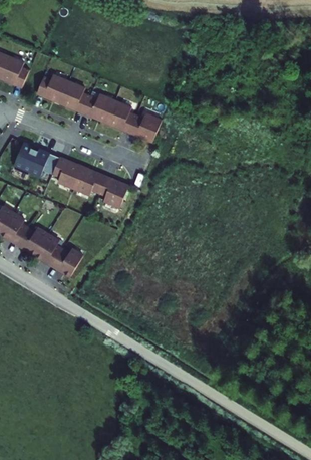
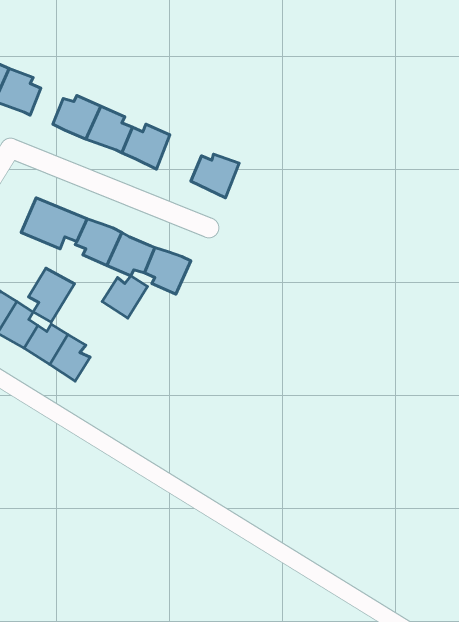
building: [105,100,135,132] -> none
building: none -> [29,268,74,322]
building: [51,248,81,276] -> [102,276,147,318]

